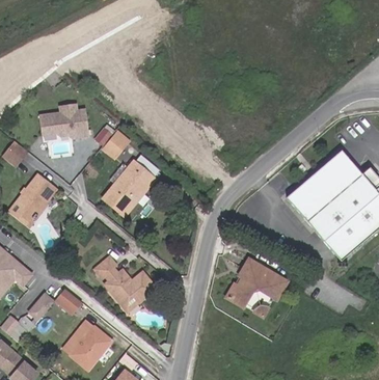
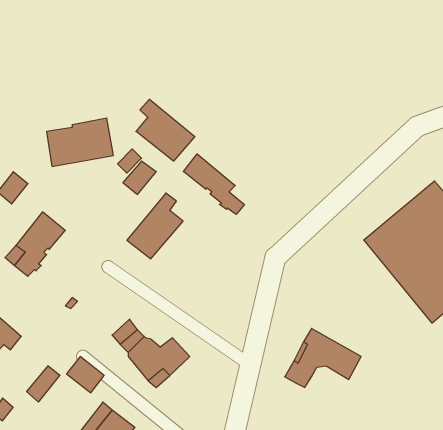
building: none -> [136,99,195,161]
building: none -> [183,154,244,214]

